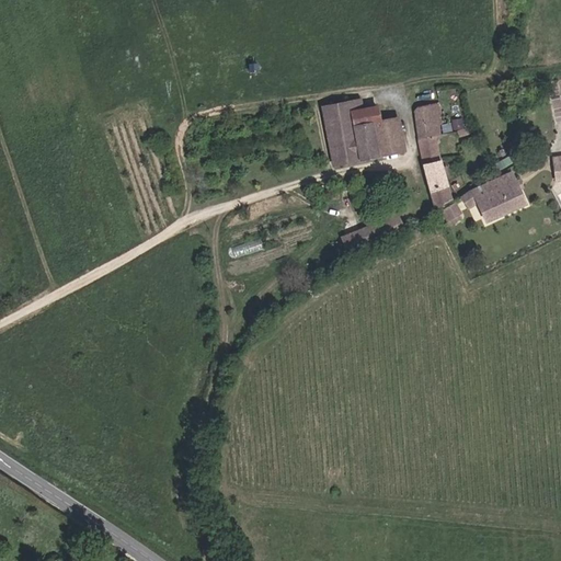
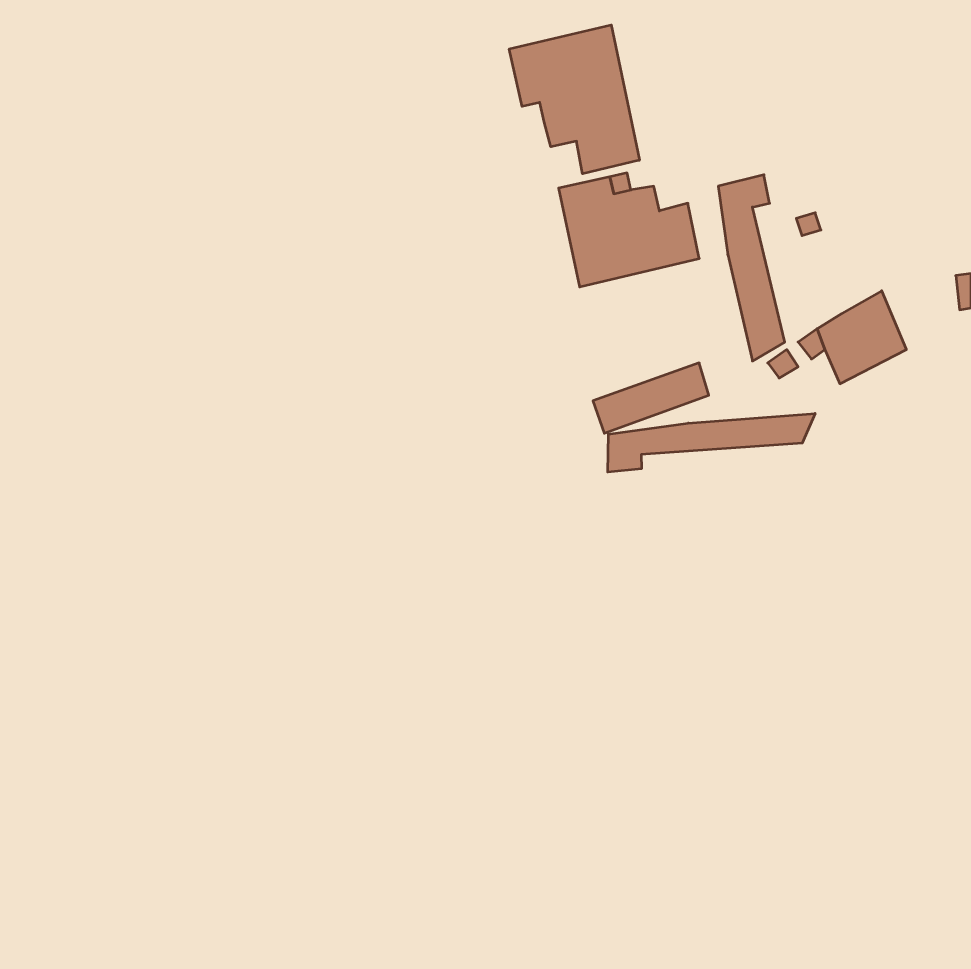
building: none -> [509,25,639,174]
building: none -> [608,413,815,472]

